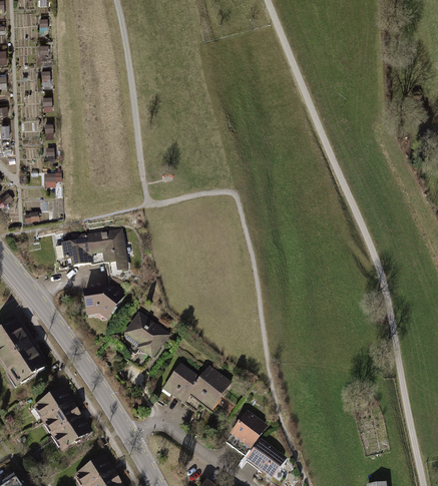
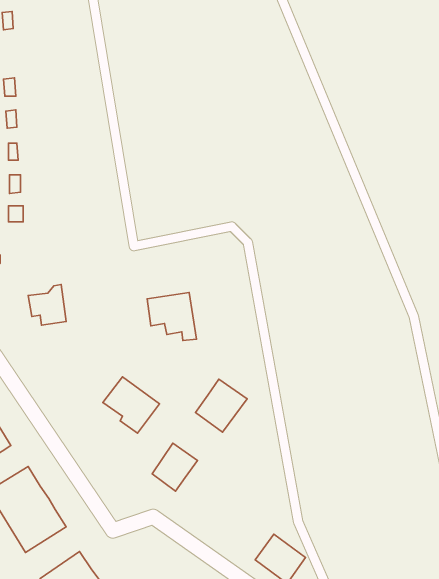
building: [88,231,128,271] -> [147,293,196,341]
building: [84,286,125,317] -> none
building: [189,367,232,410] -> [195,379,247,432]
building: [230,412,268,450] -> none

